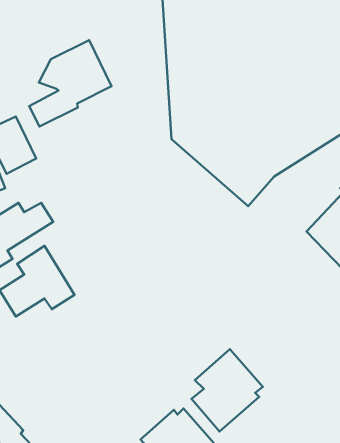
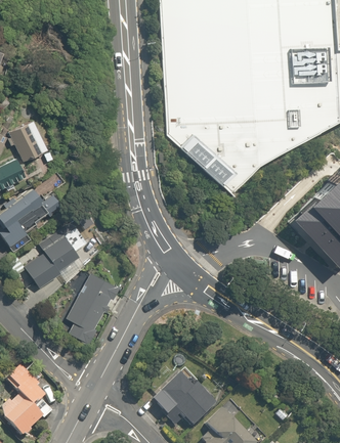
building: [29,40,111,127] -> none
building: none -> [67,273,123,347]
building: [191,349,263,431] -> none

